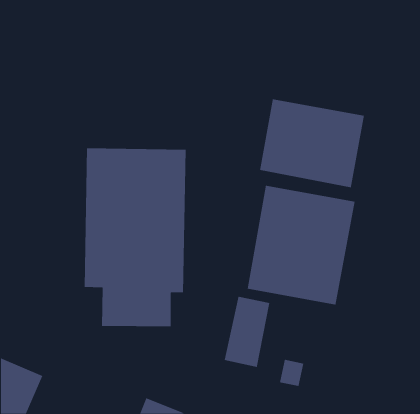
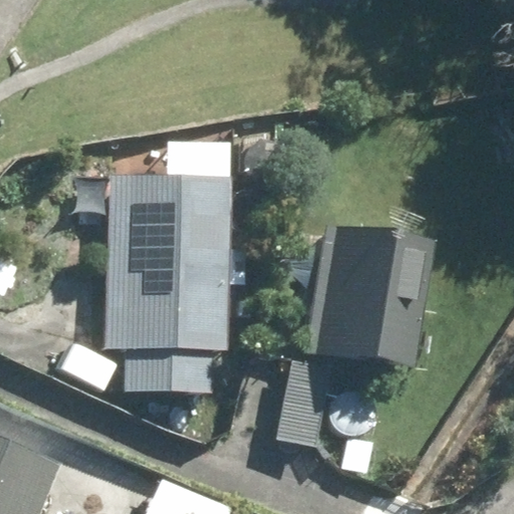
building: [259,98,365,188] -> none

